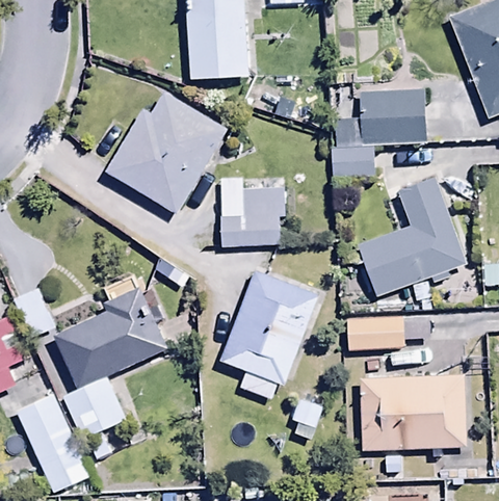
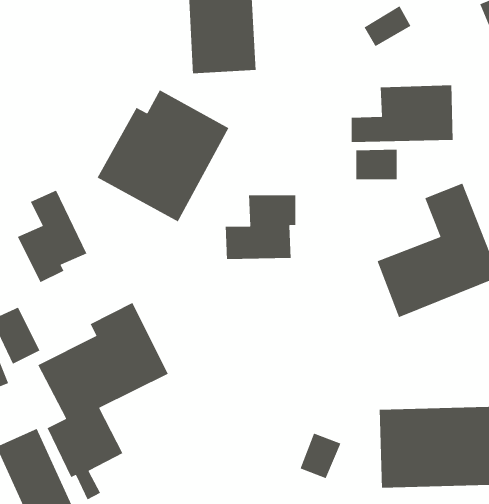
building: none -> [17,190,88,283]
building: [218,266,321,399] -> none
building: [346,316,431,351] -> none

